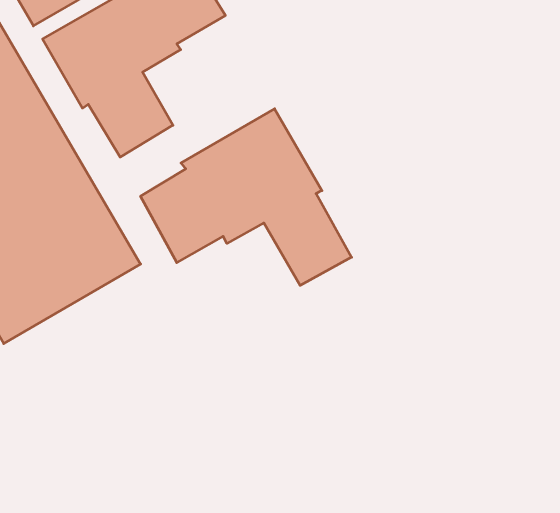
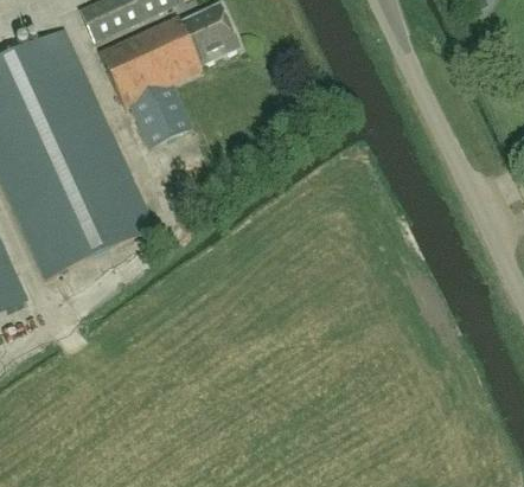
building: [141,109,352,285] -> none

